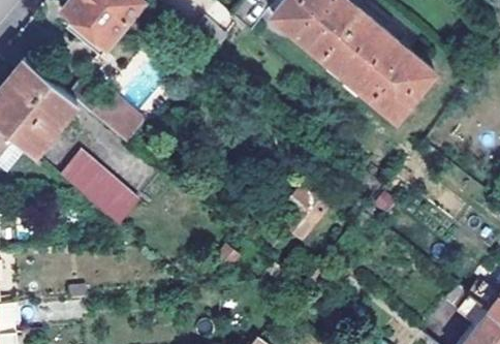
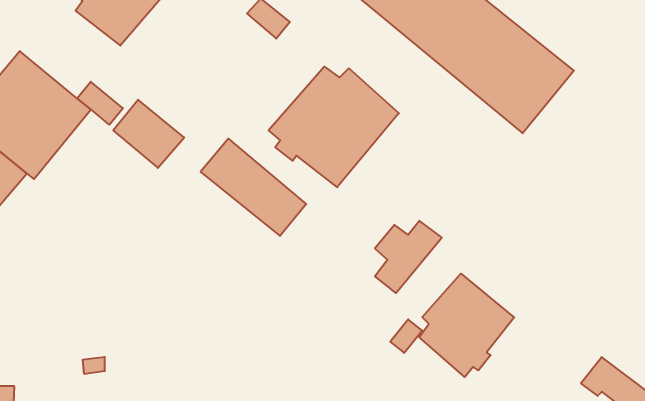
building: none -> [269,67,399,187]
building: [59,149,137,221] -> [201,139,306,236]
building: none -> [419,274,514,377]

